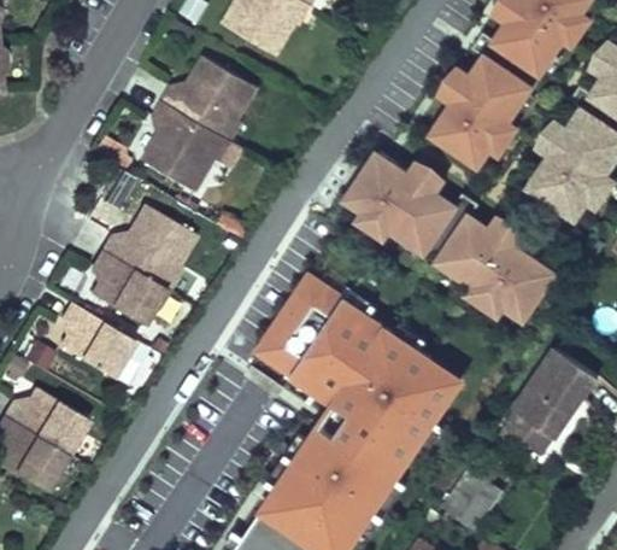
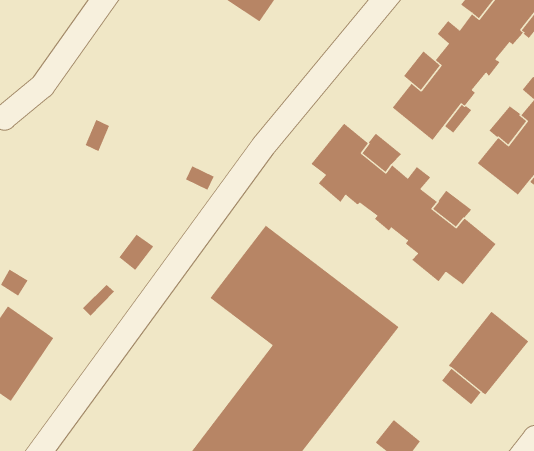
building: [143,55,259,191] -> none
building: [89,201,196,323] -> none
building: [58,304,131,376] -> none

